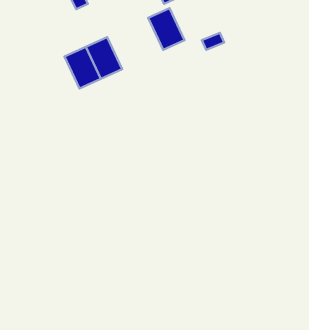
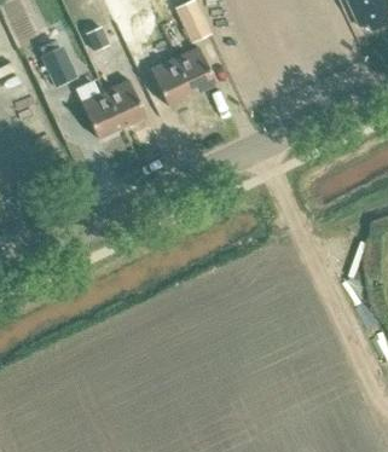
building: none -> [40,45,79,87]
building: none -> [151,58,192,105]

